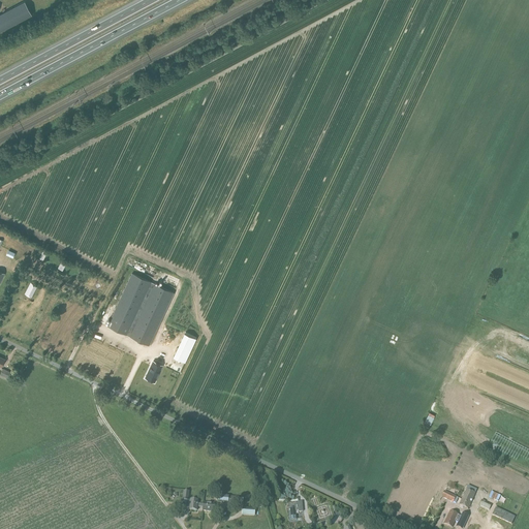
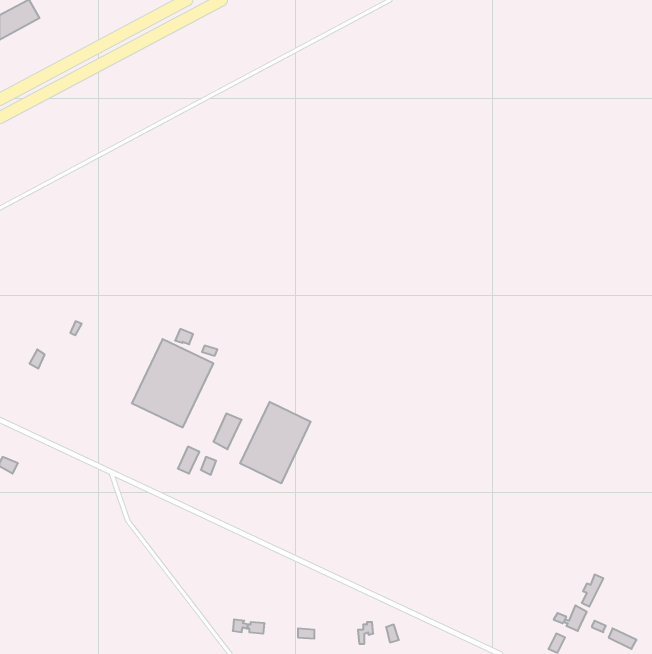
building: none -> [240,402,311,483]

